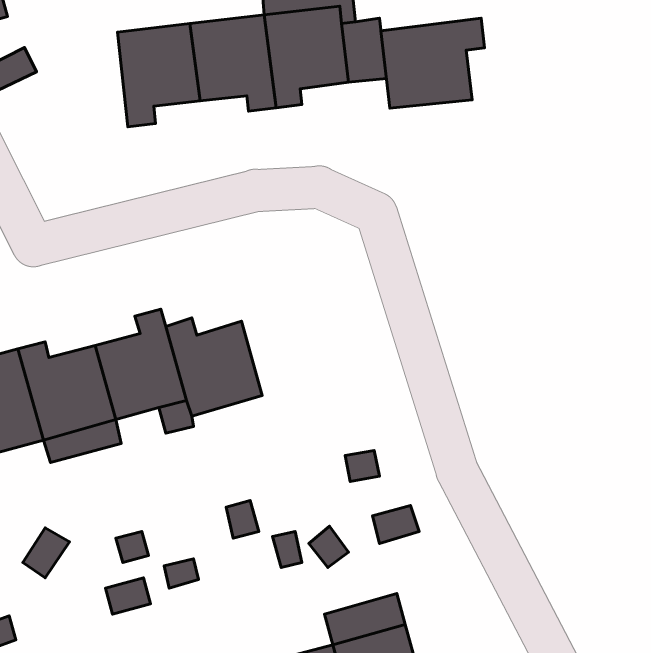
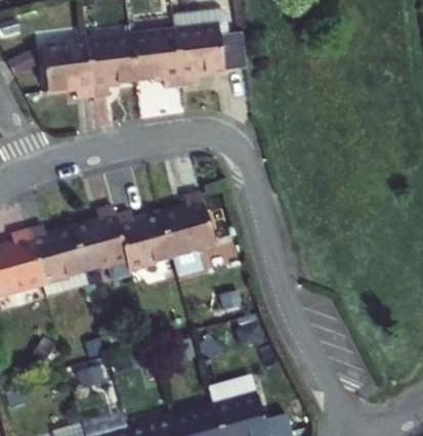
building: [381,18,484,108] -> none
building: none -> [40,41,91,98]
building: none -> [159,191,215,257]

